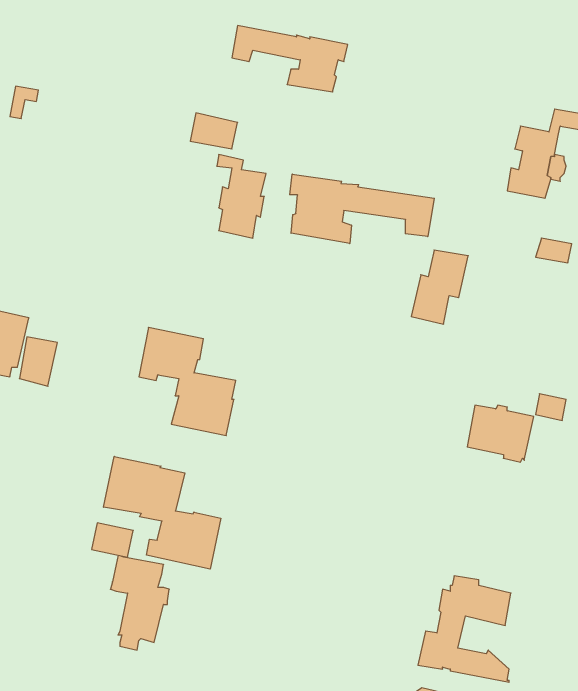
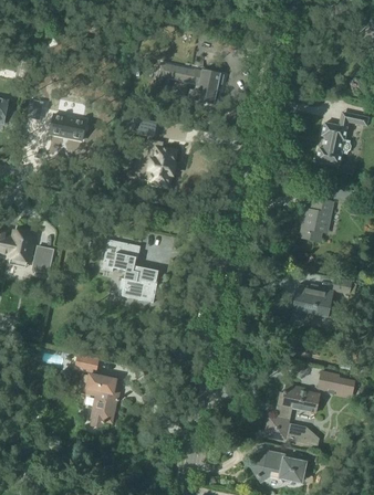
building: none -> [50,113,86,139]
building: [290,174,434,244] -> none
building: [411,250,468,324] -> [300,198,333,241]
building: [104,456,221,569] -> none
building: none -> [319,371,353,397]

